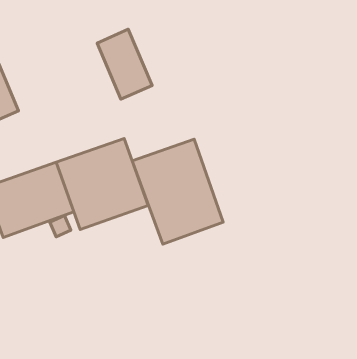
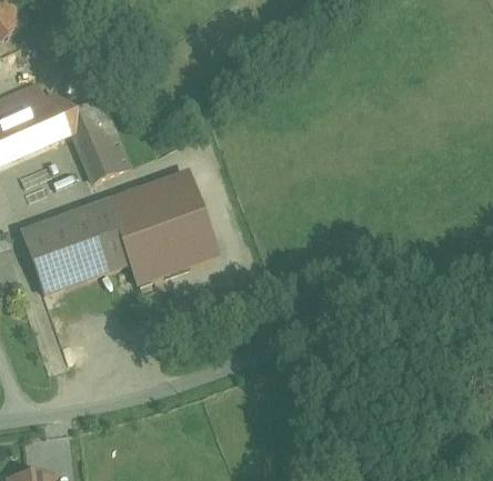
building: [97,29,152,99] -> [63,94,130,179]
building: [132,139,223,244] -> none

